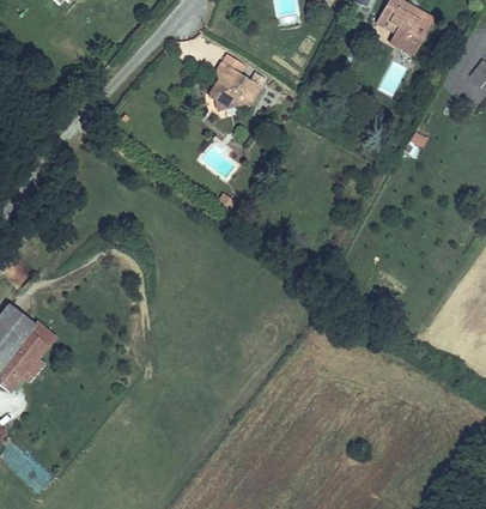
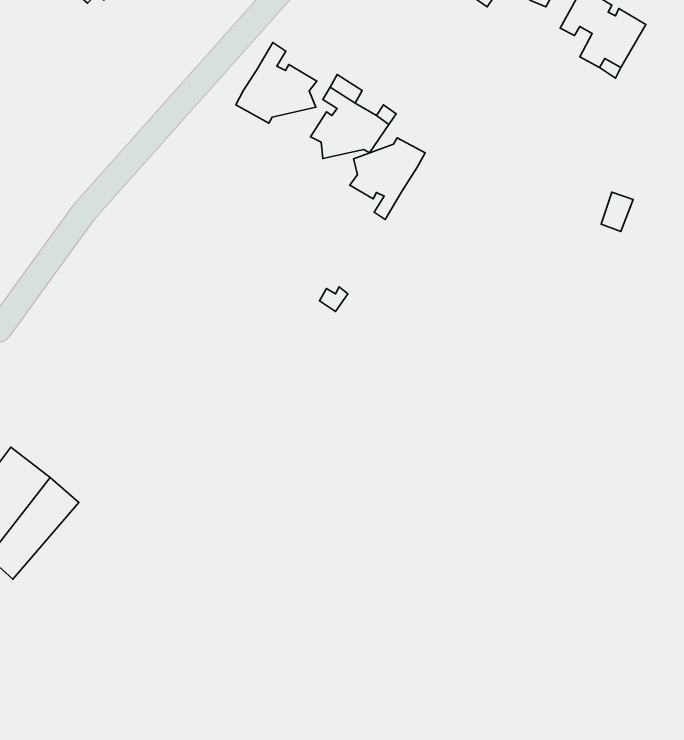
building: none -> [236,42,317,123]
building: none -> [350,138,425,219]

